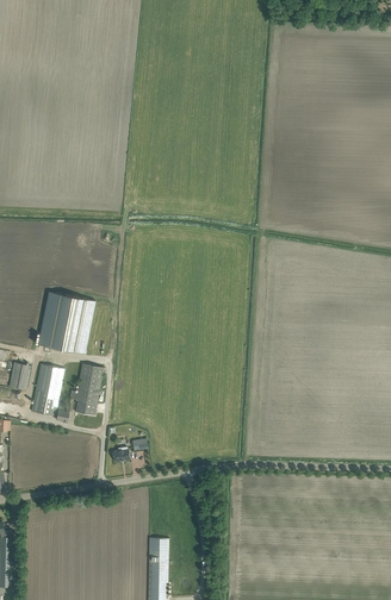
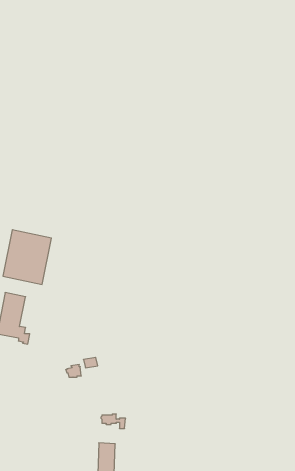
building: [69,363,103,415] -> none

